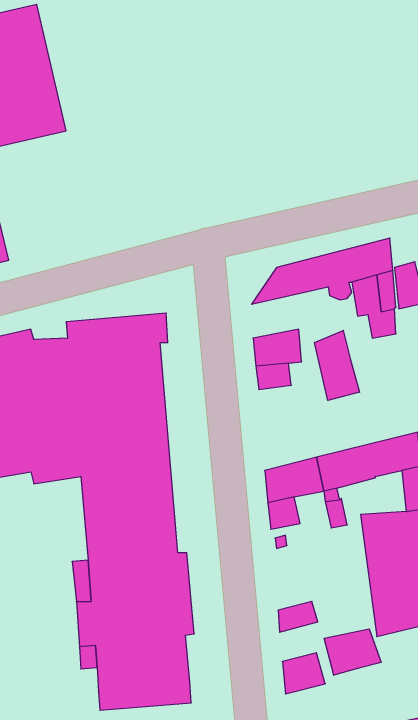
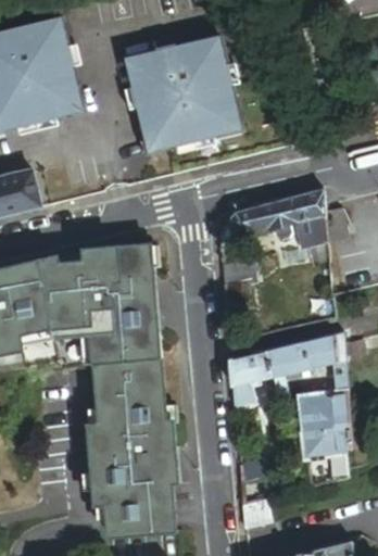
building: none -> [124,36,239,151]
building: [315,330,360,400] -> none
building: [324,629,381,675] -> none

